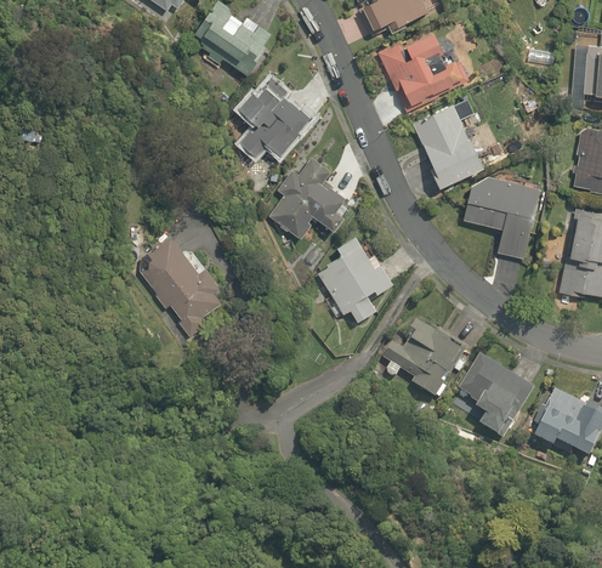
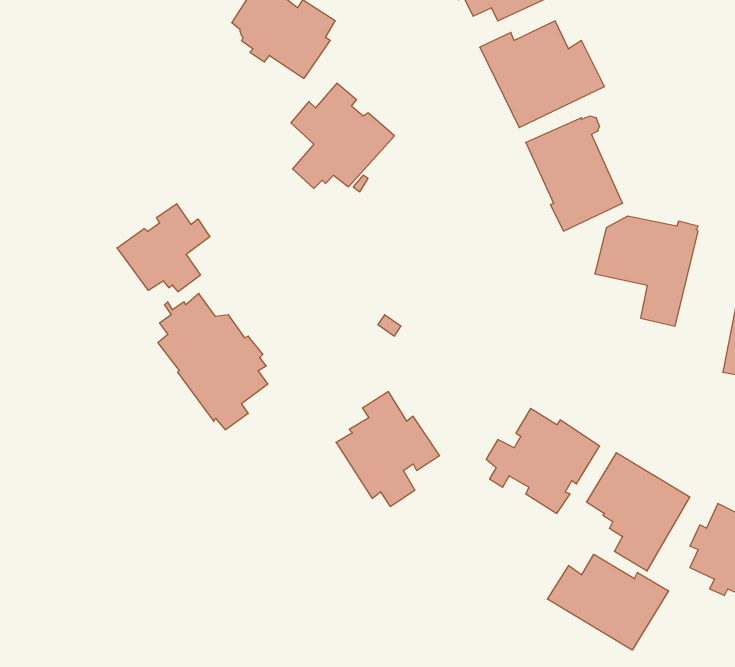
building: [269,157,351,239] -> none
building: none -> [117,204,210,292]
building: [318,235,394,320] -> [336,392,440,507]
building: none -> [548,554,669,650]

